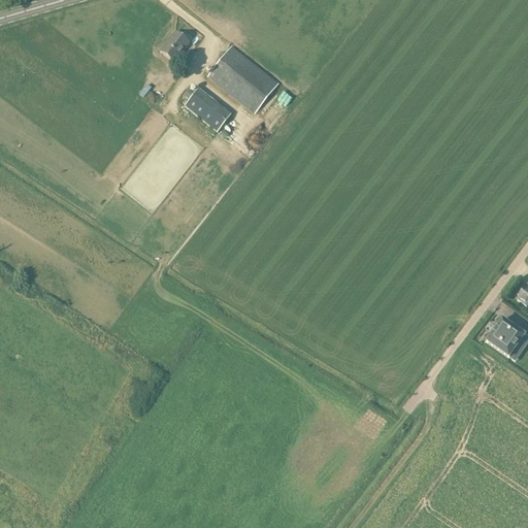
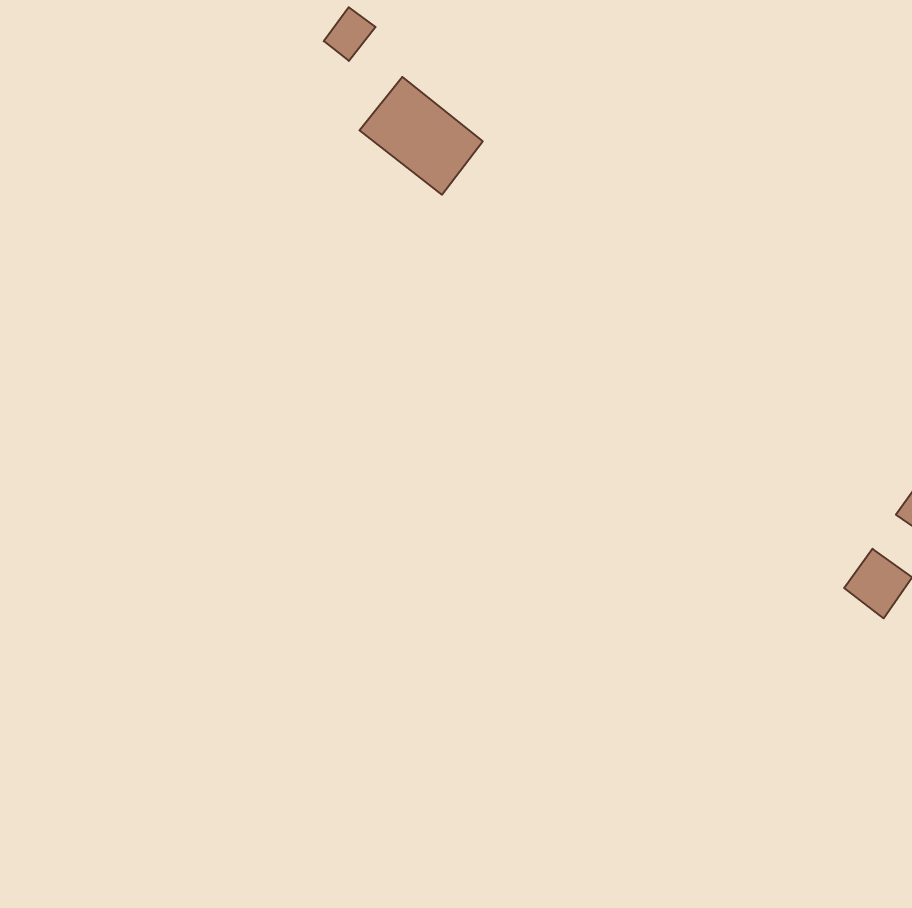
building: [161,30,191,61] -> [324,7,376,61]
building: [186,88,231,130] -> none

